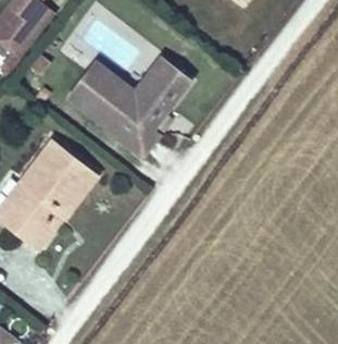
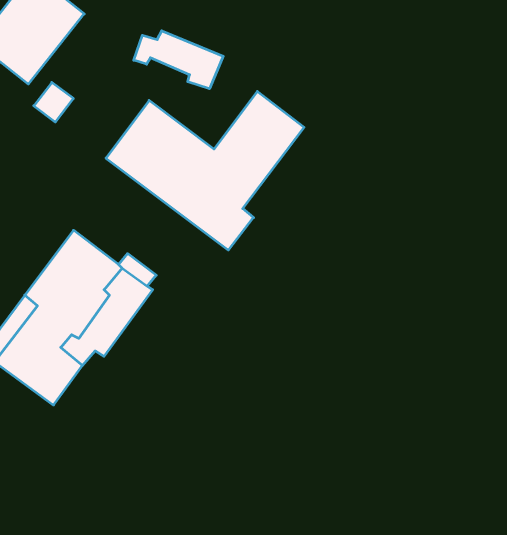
building: none -> [134,31,223,89]

